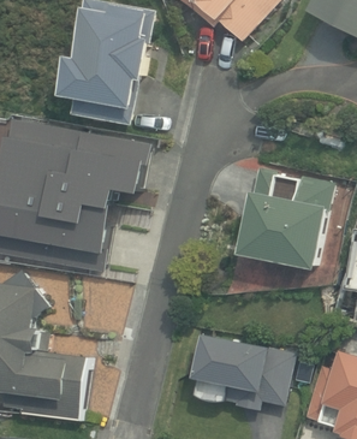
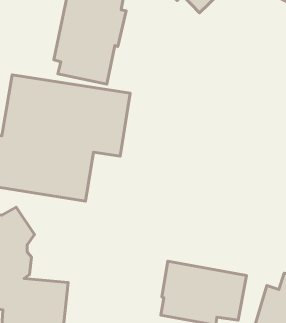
building: [237,166,332,268] -> none

